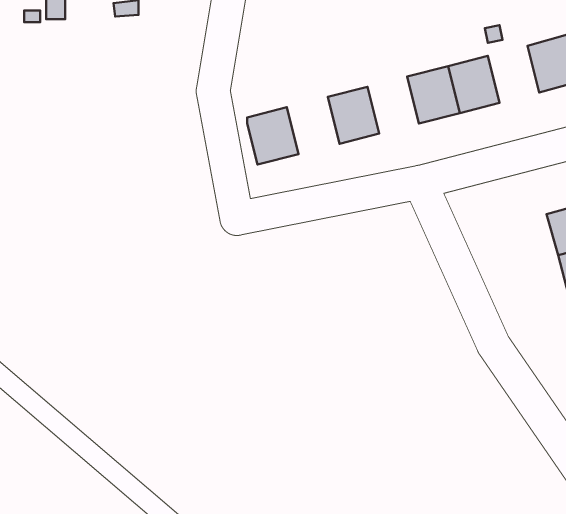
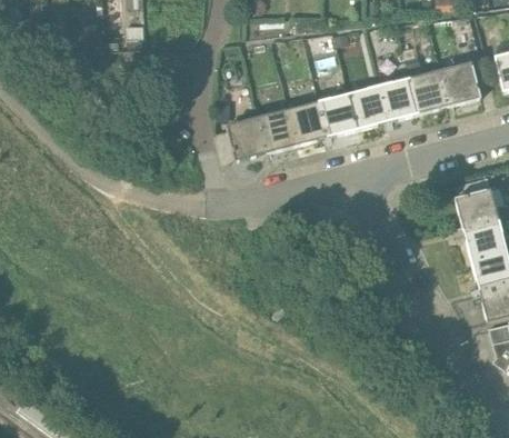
building: none -> [410,70,449,113]
building: none -> [319,93,358,137]
building: none -> [258,109,298,152]

